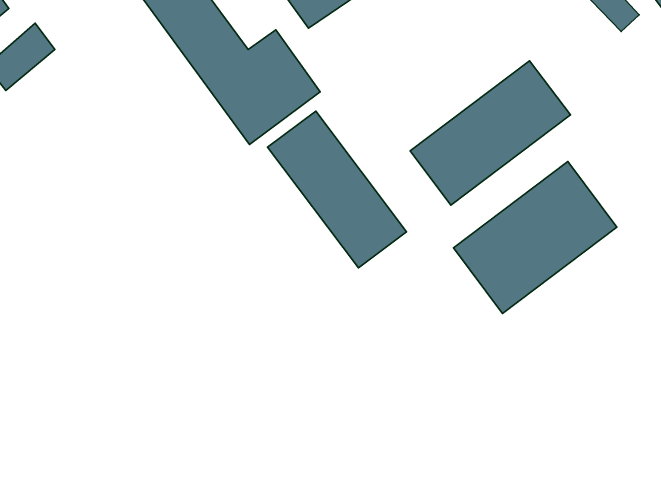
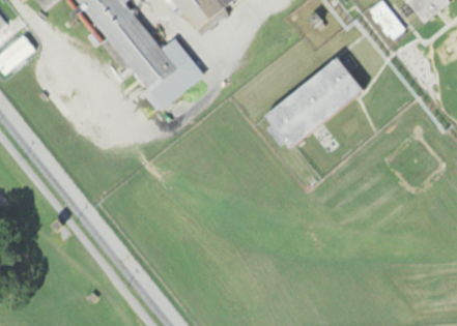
building: [268,111,407,268] -> none
building: [453,162,617,313] -> none

